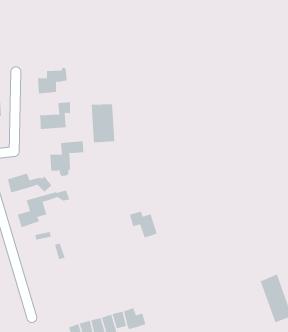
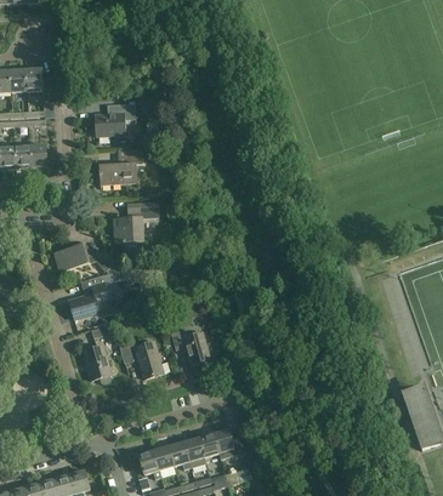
building: [91,104,115,143] -> none
building: [129,211,157,238] -> [170,327,209,365]
building: none -> [134,341,161,378]
building: none -> [81,346,109,380]

